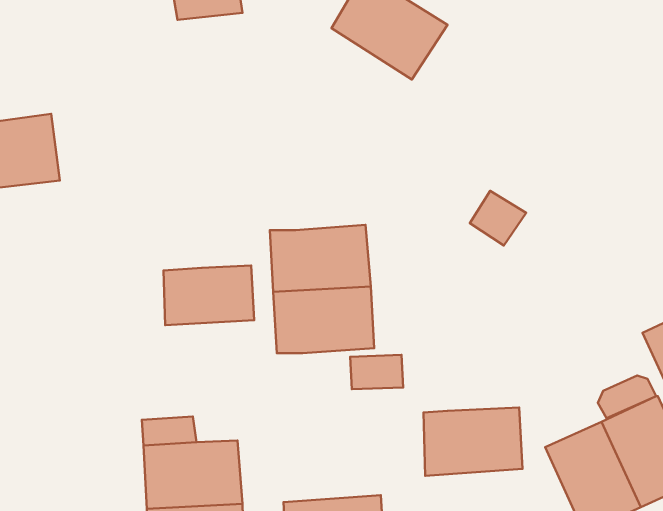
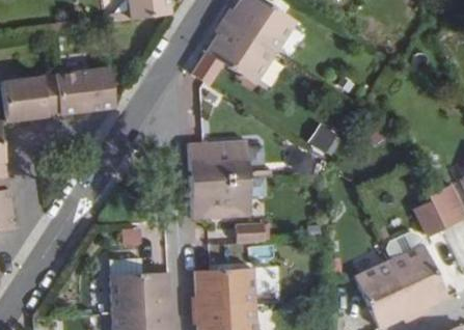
building: none -> [206,22,274,83]
building: none -> [55,66,113,114]
building: [164,266,254,325] -> none
building: [423,407,523,476] -> [195,268,255,309]

